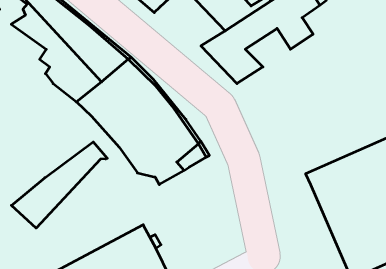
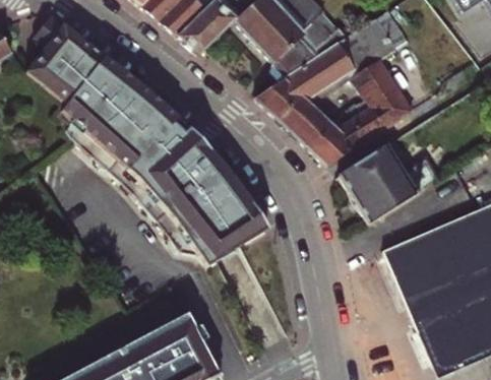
building: none -> [301,80,413,166]
building: none -> [340,145,440,224]
building: [11,142,107,228] -> none

